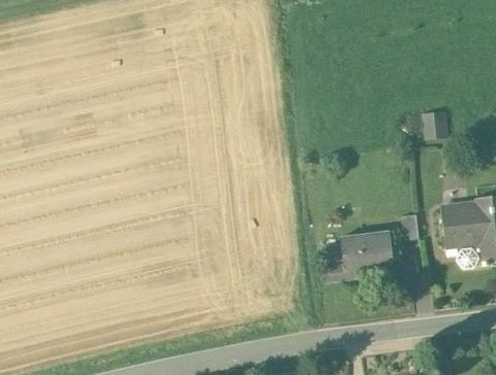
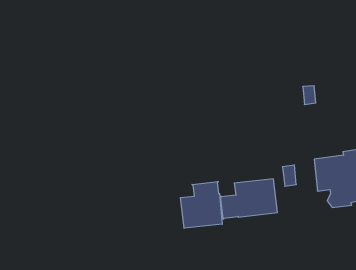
building: none -> [180,181,222,228]

